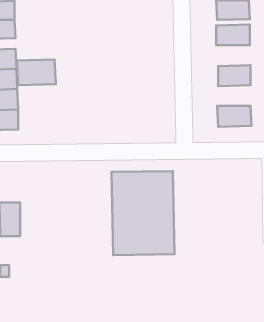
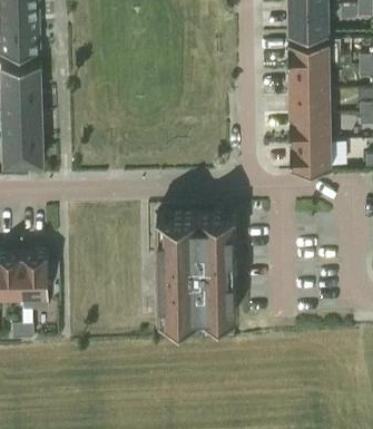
building: none -> [288,64,330,89]
building: [17,59,56,85] -> none
building: none -> [288,113,330,138]

